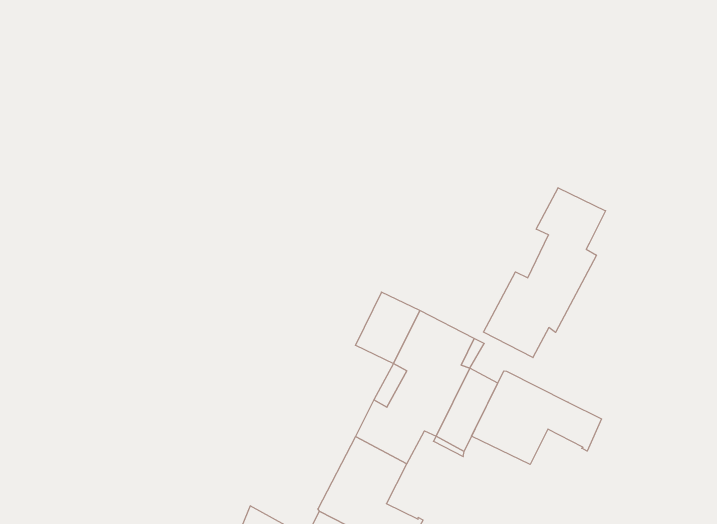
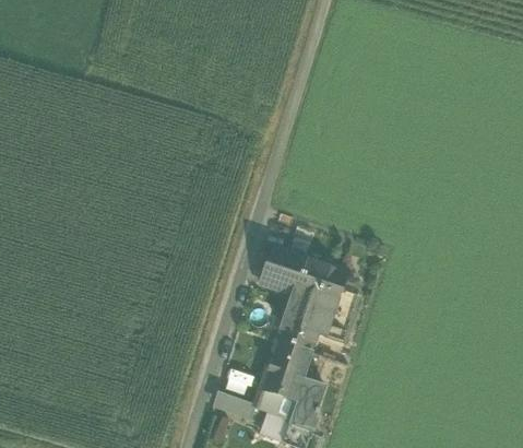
building: [483,188,606,358] -> none
building: [472,371,601,464] -> none

